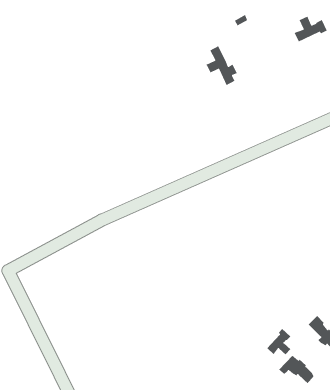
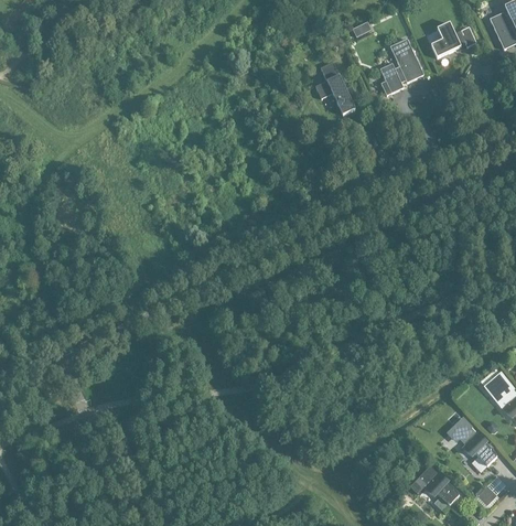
building: none -> [379,37,422,95]
building: [266,328,291,355] -> none

